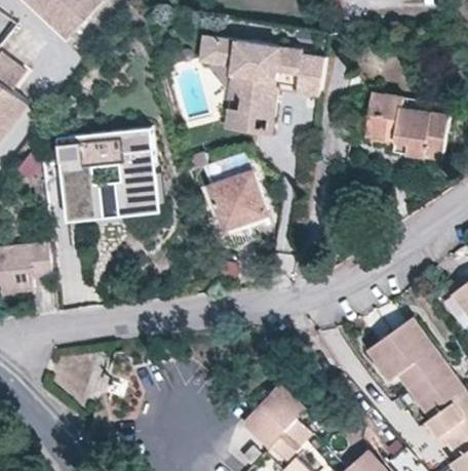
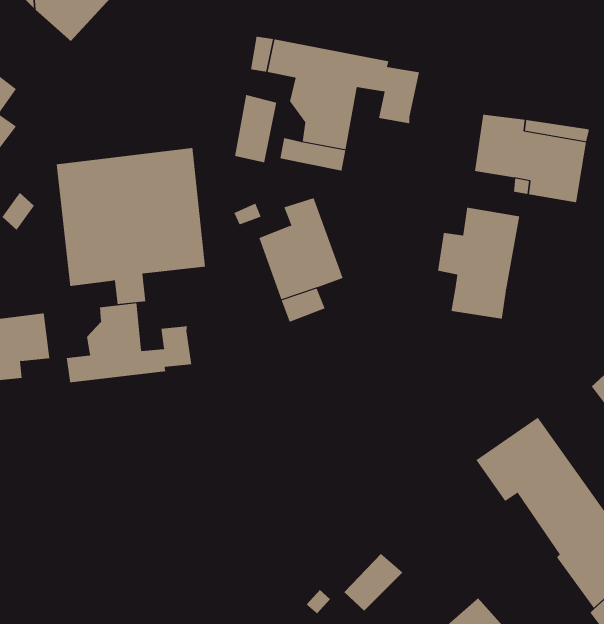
building: none -> [235,94,277,163]
building: none -> [437,207,520,319]
building: none -> [66,303,192,383]
building: [241,382,305,446] -> none

